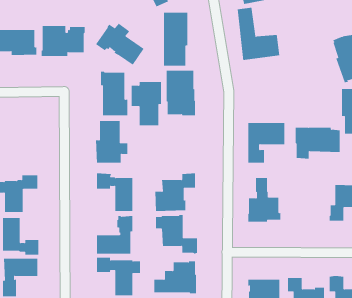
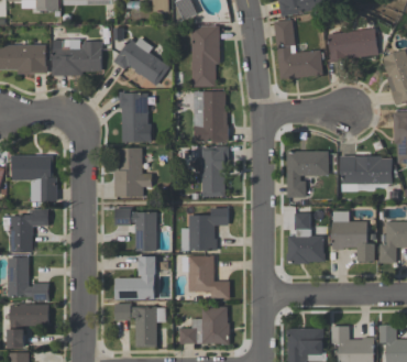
building: none -> [328,28,380,62]
building: [131,81,162,126] -> [193,145,228,196]
building: none -> [10,155,57,200]
building: none -> [331,210,374,261]

